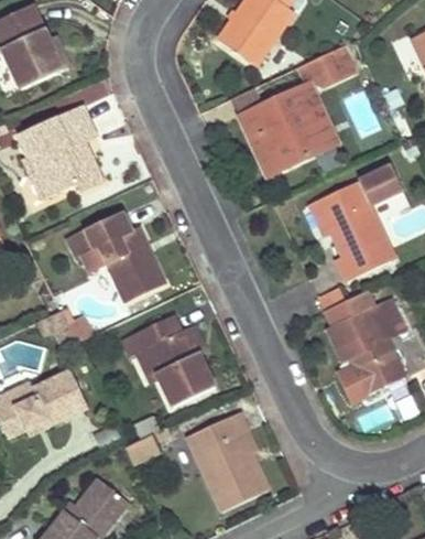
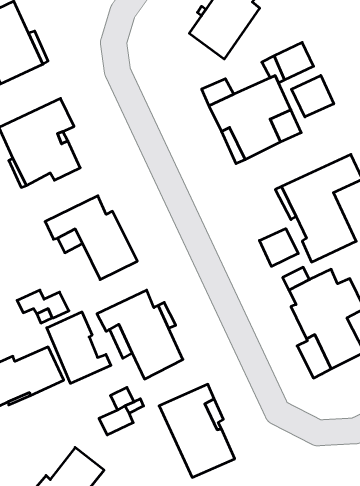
building: none -> [291,75,334,117]
building: none -> [259,229,298,266]
building: none -> [47,312,111,383]

